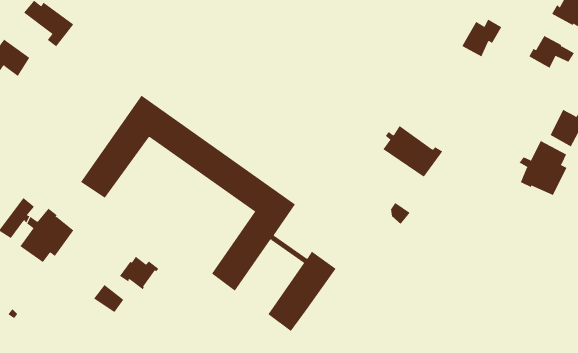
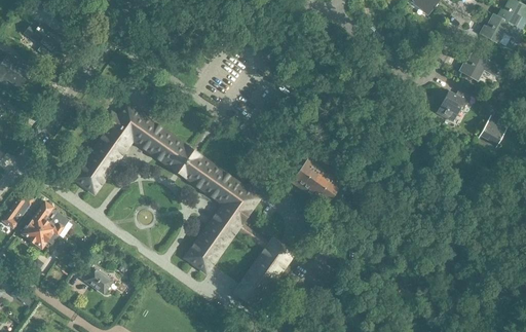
building: [462,19,502,57] -> [436,88,471,121]
building: [382,125,443,178] -> [291,159,343,205]
building: [519,140,567,196] -> none
building: [119,256,159,290] -> none

